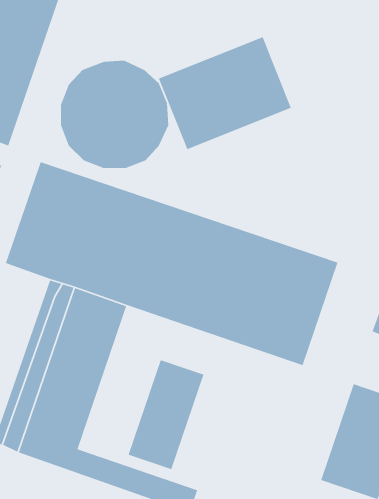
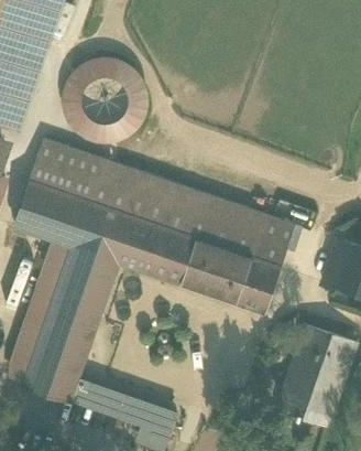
building: [158,36,292,150] -> none
building: [127,359,205,470] -> none

